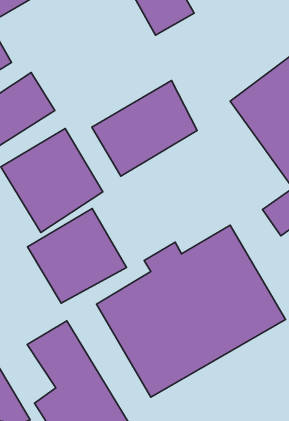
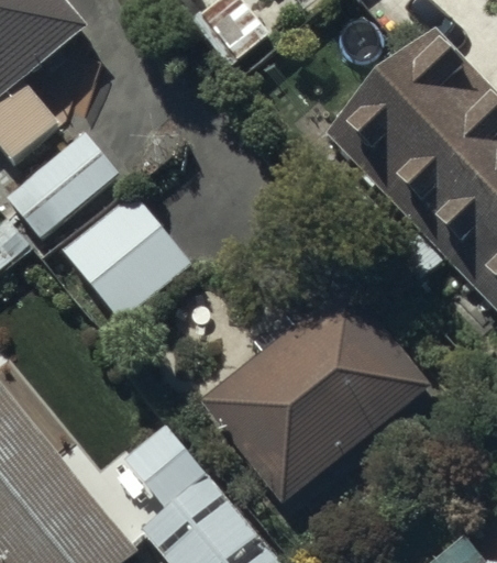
building: [92,81,197,176] -> none
building: [28,208,126,303] -> none

